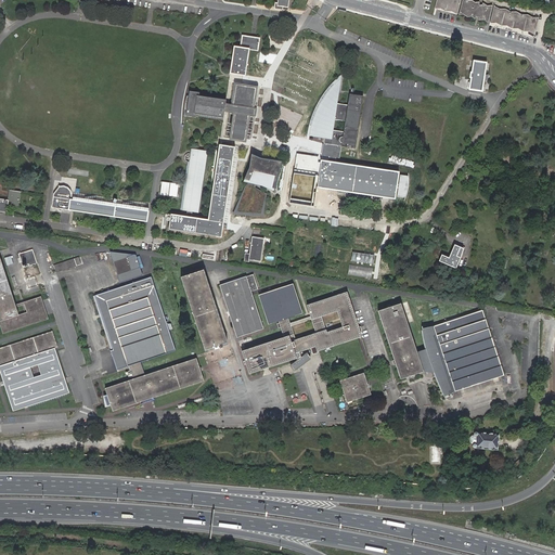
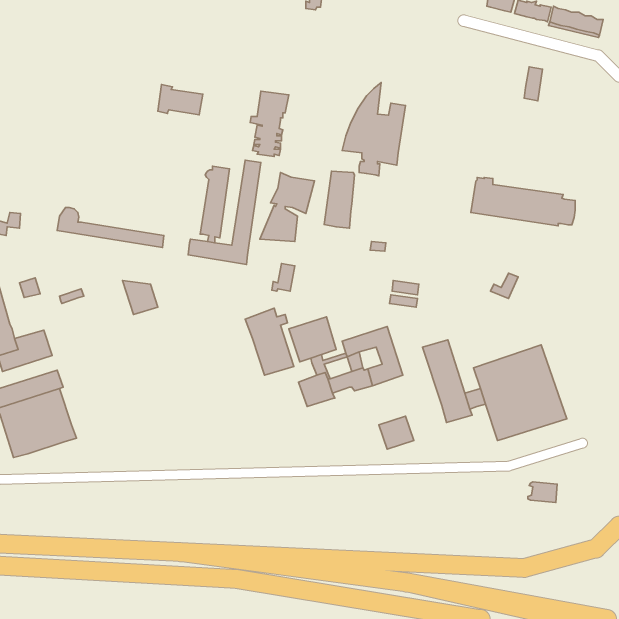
building: [229,35,258,75] -> none
building: [185,90,225,117] -> [158,85,203,115]
building: [315,155,409,198] -> [471,177,575,226]
building: [181,269,225,348] -> none
building: [94,276,203,410] -> none
building: [241,341,274,373] -> none

